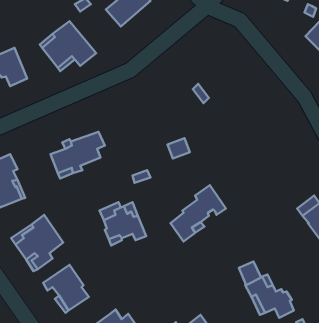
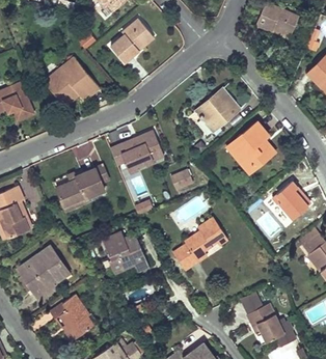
building: none -> [196,89,239,131]
building: none -> [226,121,274,173]
building: none -> [110,131,164,167]
building: none -> [273,182,309,219]

